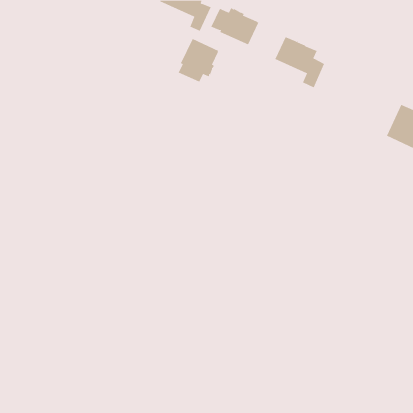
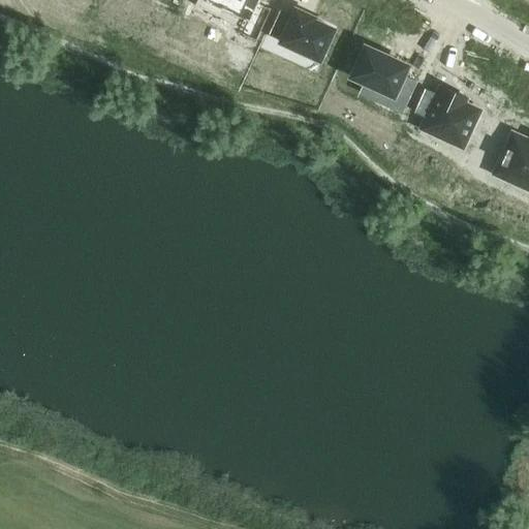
building: [178,38,220,83] -> none
building: none -> [414,86,479,147]

